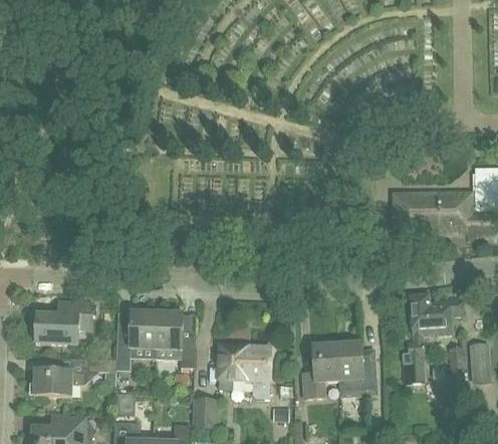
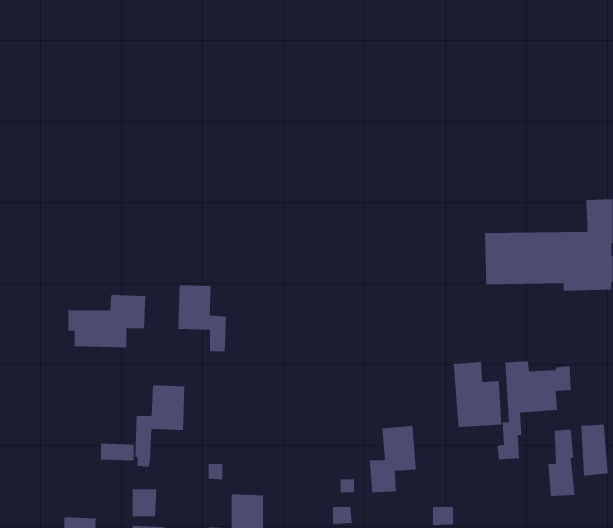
building: [31,301,93,344] -> [68,294,146,348]
building: [156,312,195,366] -> [177,285,227,352]
building: [337,342,377,394] -> [453,361,502,427]
building: [219,345,270,399] -> none
building: [34,370,84,396] -> none

